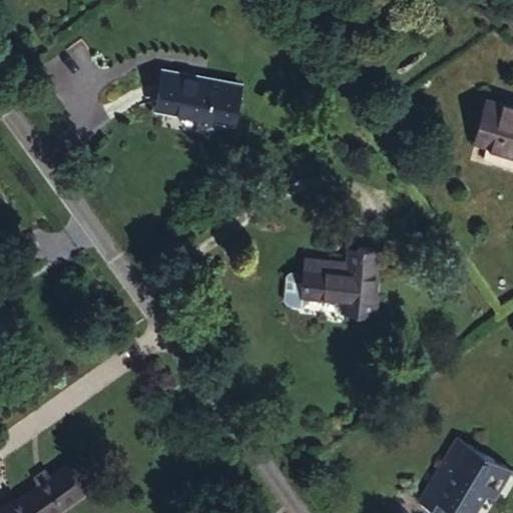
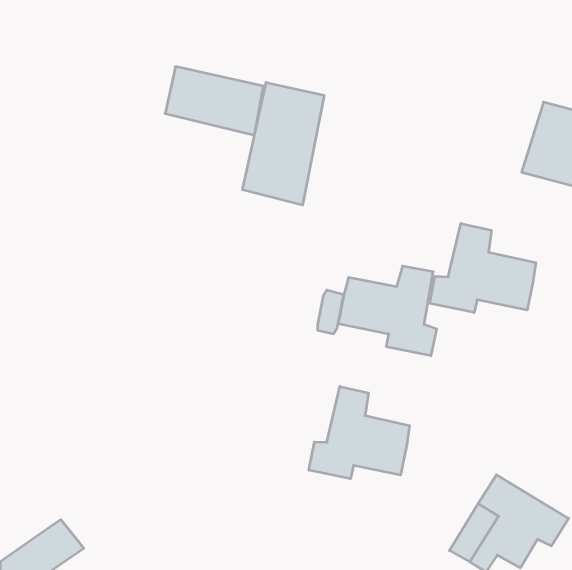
building: none -> [242,82,324,205]
building: none -> [430,223,536,313]
building: none -> [309,386,410,479]

